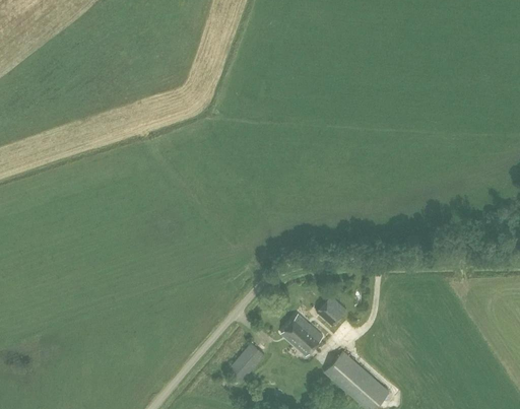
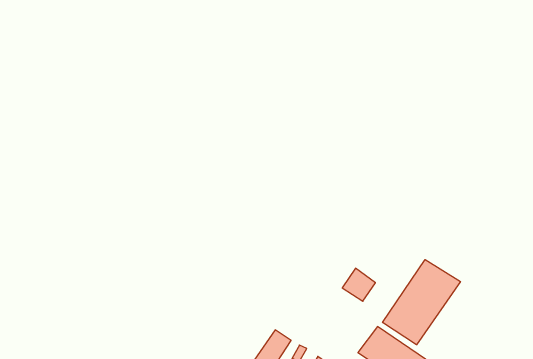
building: none -> [383,260,460,345]
building: [281,315,323,355] -> none

